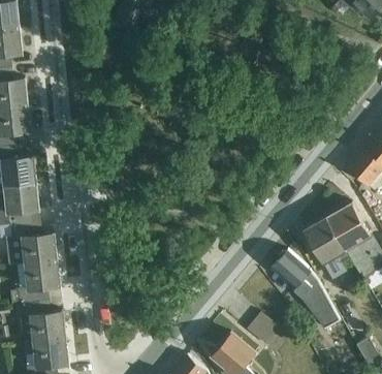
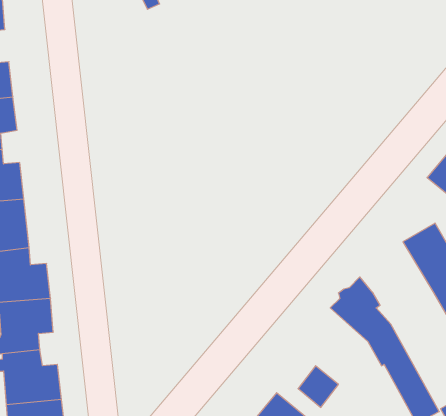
building: [304,216,351,263] -> none

